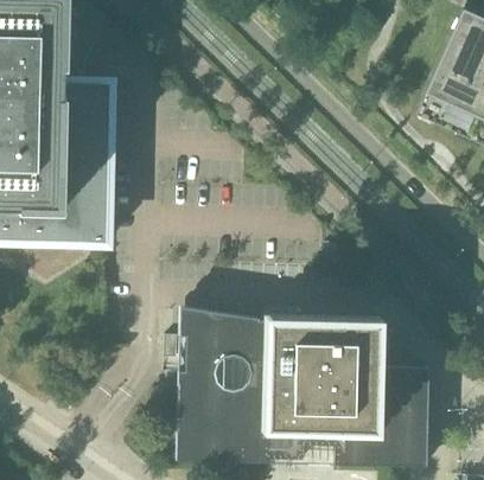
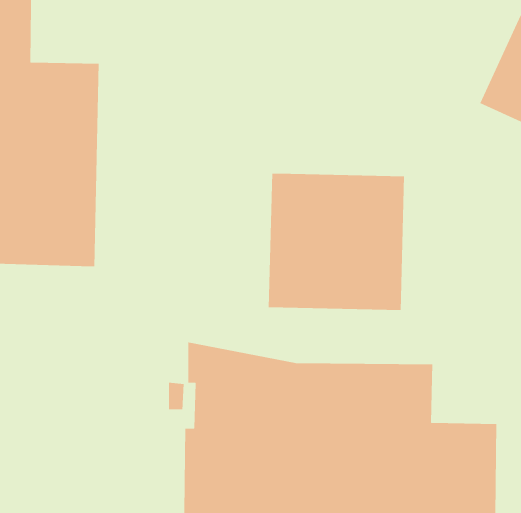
building: none -> [268,173,405,311]

